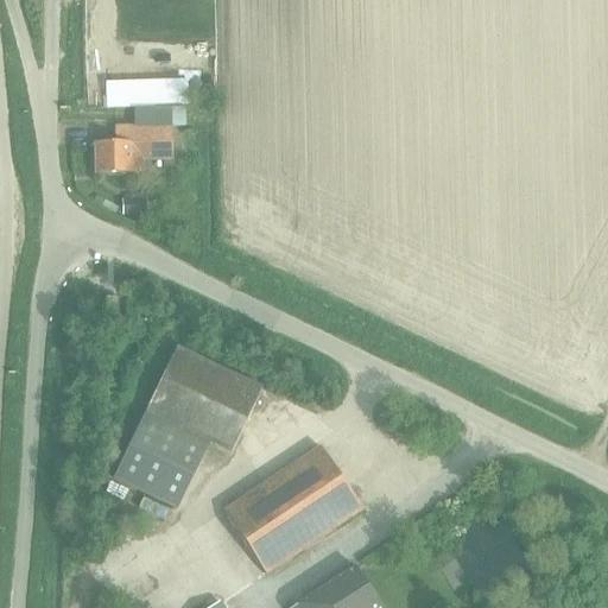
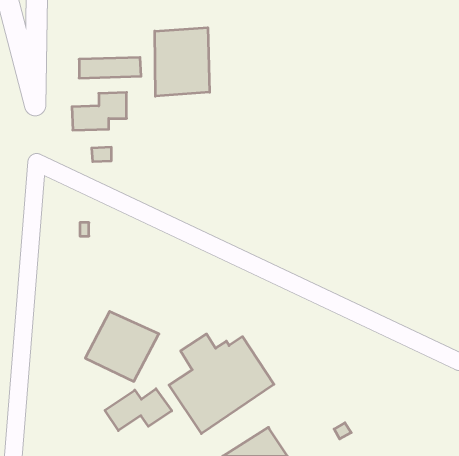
building: none -> [155,28,210,96]
building: [145,346,262,451] -> none
building: none -> [105,389,172,431]

